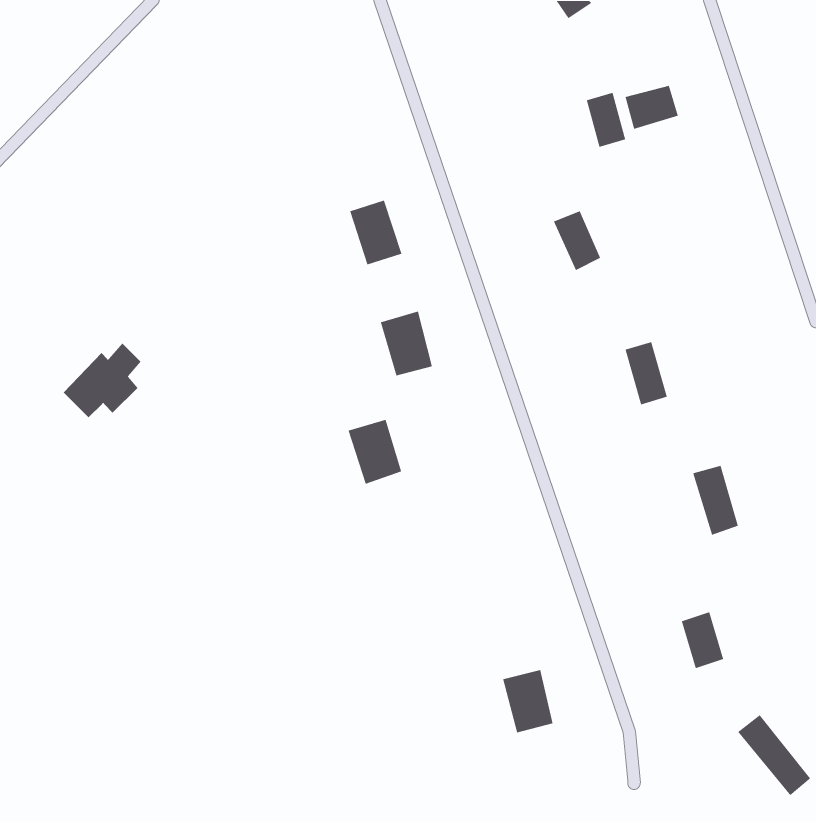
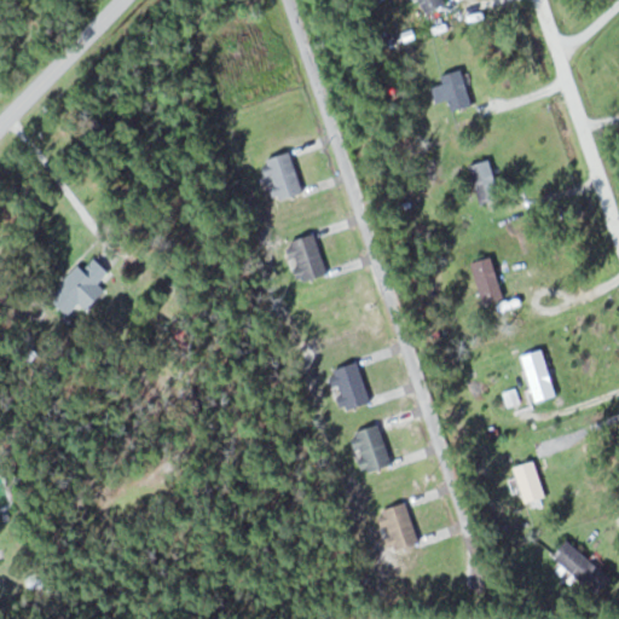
building: [624,85,679,130] -> none
building: [553,210,601,271] -> [464,158,501,204]
building: [347,419,402,485] -> [328,363,369,412]
building: none -> [351,424,391,474]

